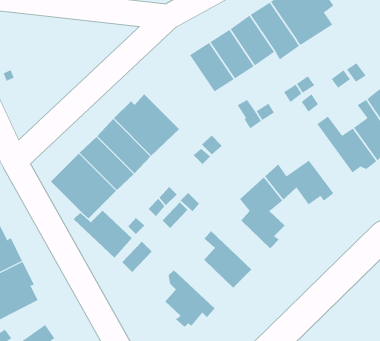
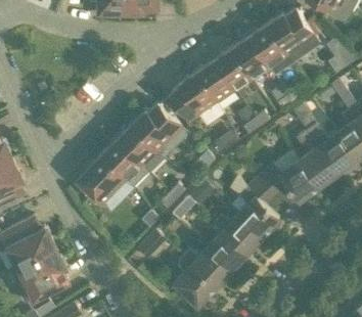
building: none -> [171,70,225,121]
building: none -> [297,129,340,188]
building: [73,210,132,258] -> [183,245,234,287]
building: none -> [215,212,266,254]

